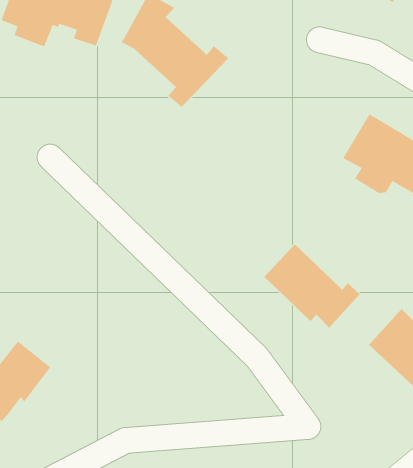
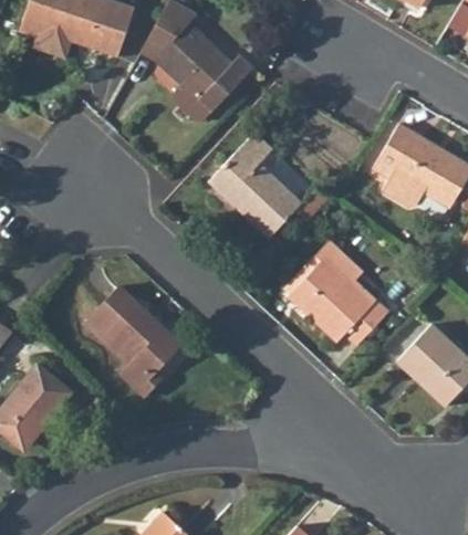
building: none -> [209,132,302,237]
building: none -> [284,245,376,304]
building: none -> [84,285,180,397]

